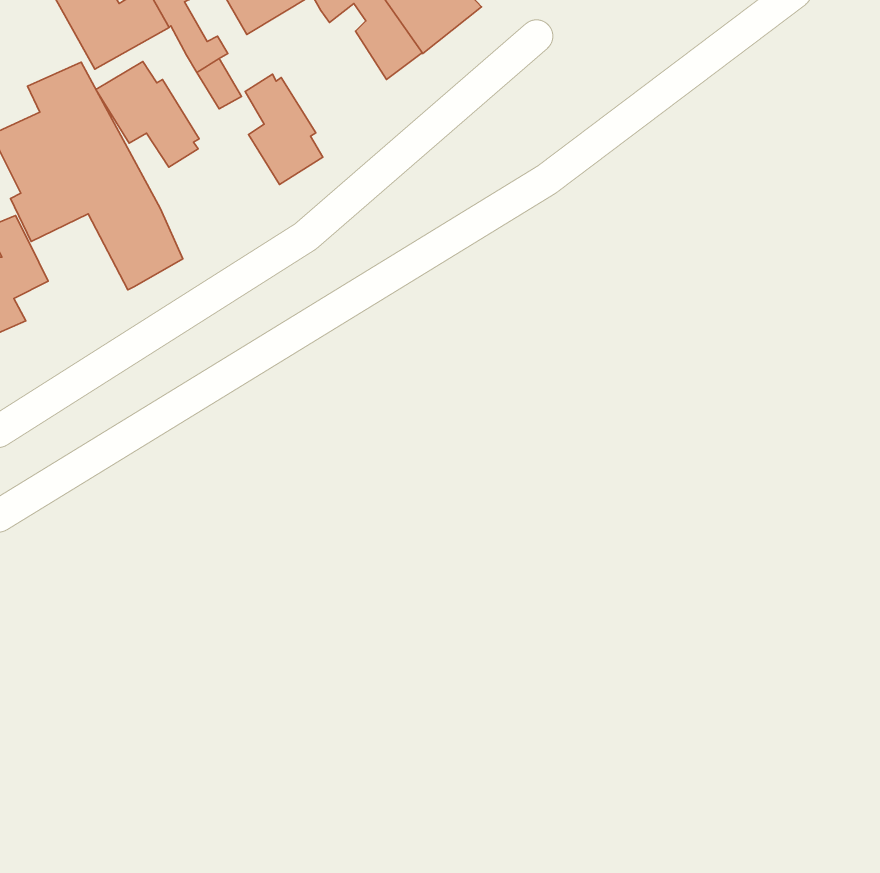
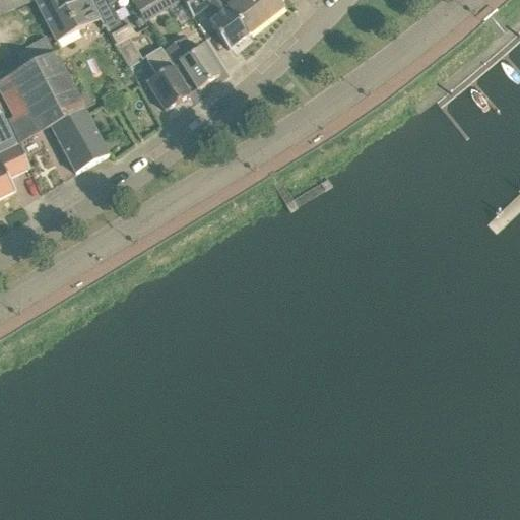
building: none -> [166,35,218,86]
building: [96,61,199,167] -> none

